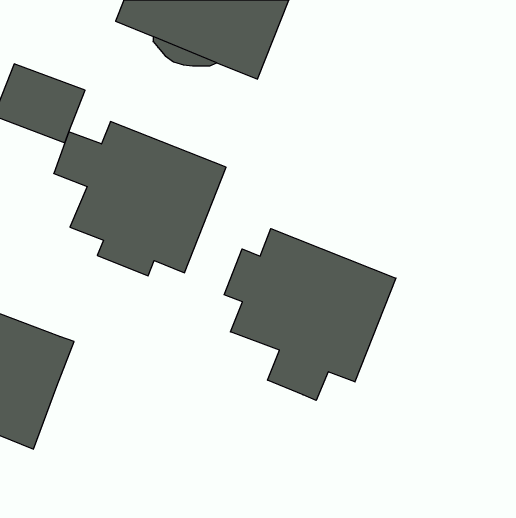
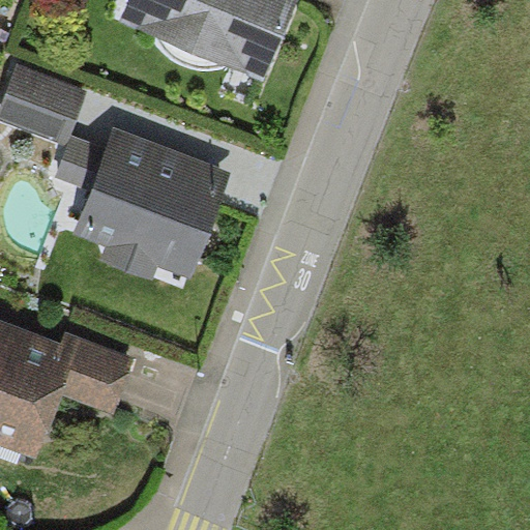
building: [224,229,396,400] -> none
building: none -> [58,331,135,414]

